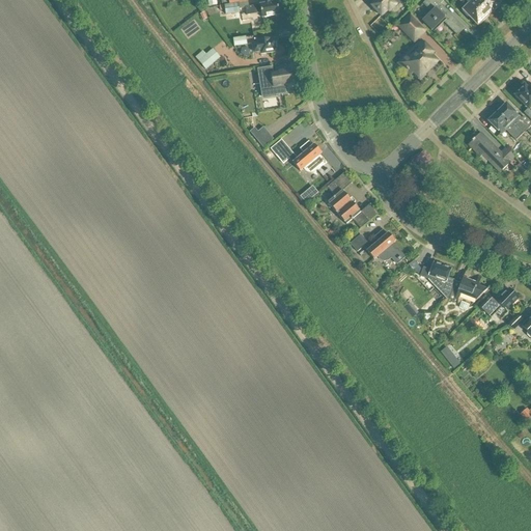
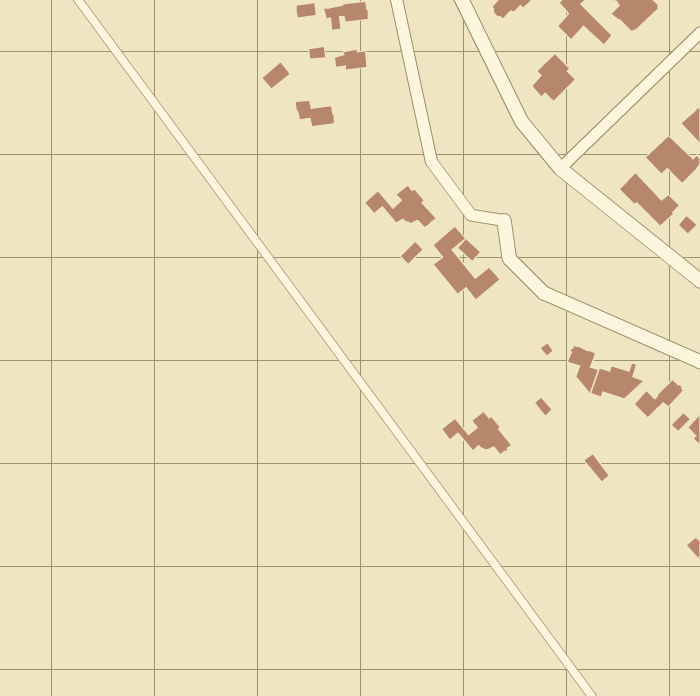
building: [397,11,427,41] -> none
building: [261,66,291,86] -> [295,100,335,126]
building: [351,228,409,261] -> [441,411,518,455]

